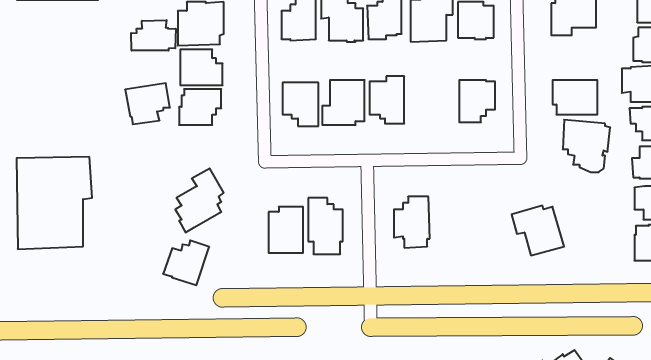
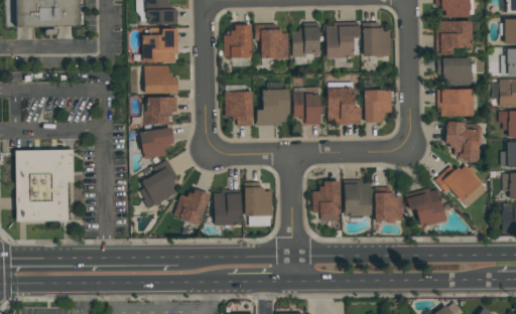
building: [131,20,176,51] -> none
building: none -> [437,58,472,86]
building: none -> [328,83,361,124]
building: [125,83,170,124] -> [139,127,174,159]
building: none -> [434,164,487,206]
building: none -> [344,180,371,218]
building: none -> [375,187,402,221]
building: [163,240,209,285] -> [173,189,210,224]

